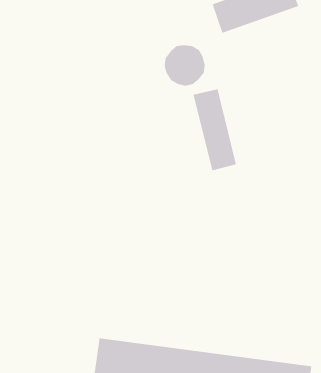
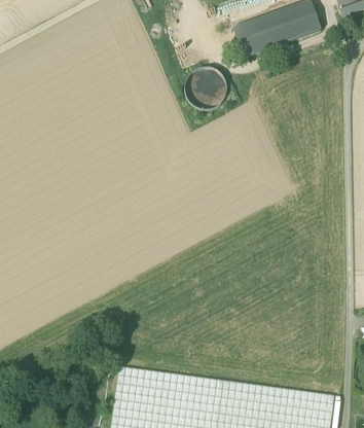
building: [193,89,236,171] -> none

